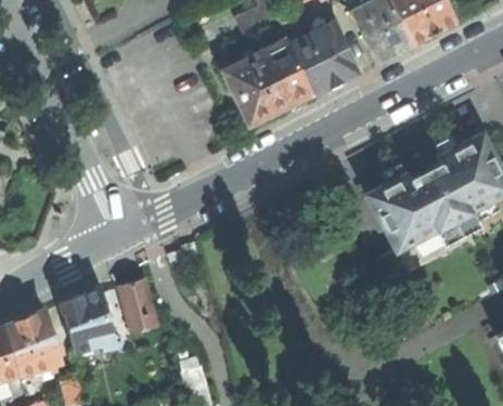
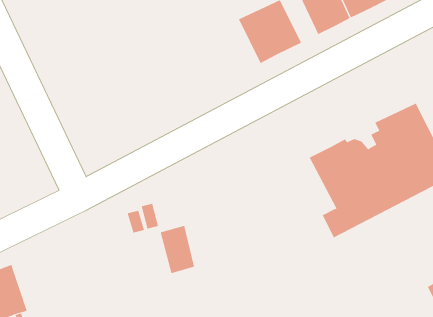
building: [221,37,312,123] -> none
building: [120,279,158,332] -> [160,225,195,274]
building: [59,287,114,352] -> none

